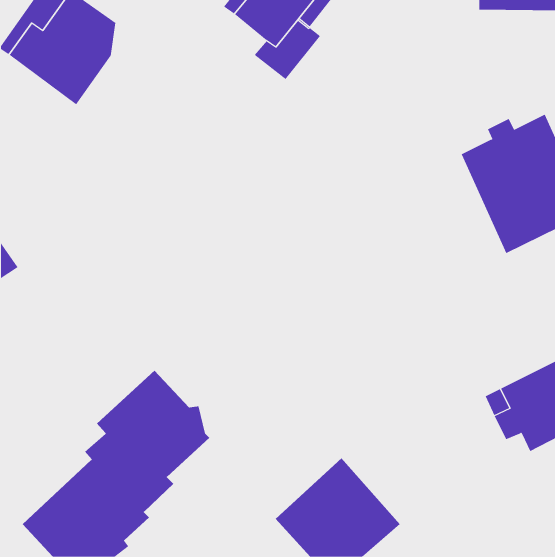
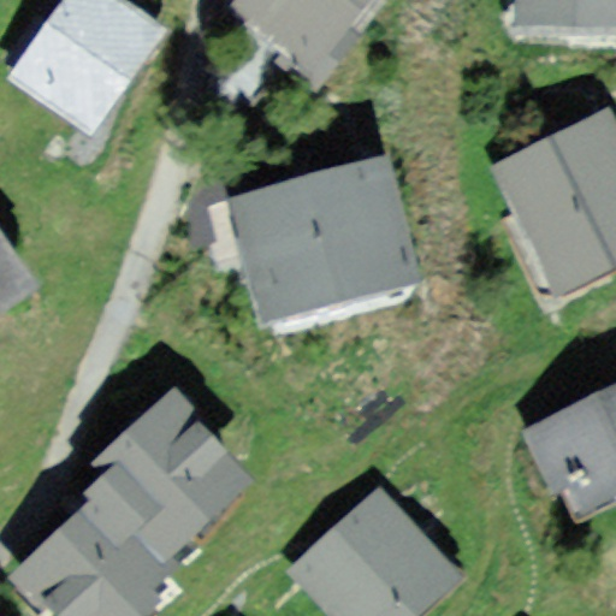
building: none -> [188,171,409,324]

